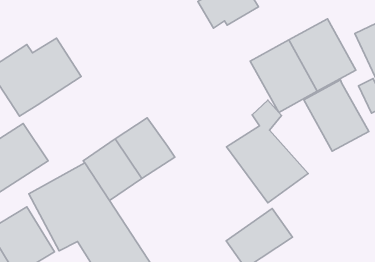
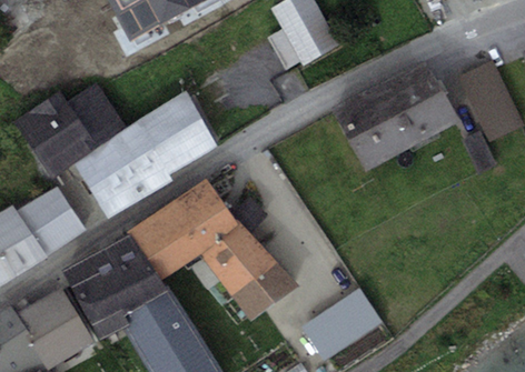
building: none -> [73,91,218,218]
building: [304,80,369,151] -> none
building: [226,100,308,203] -> [200,195,299,320]

